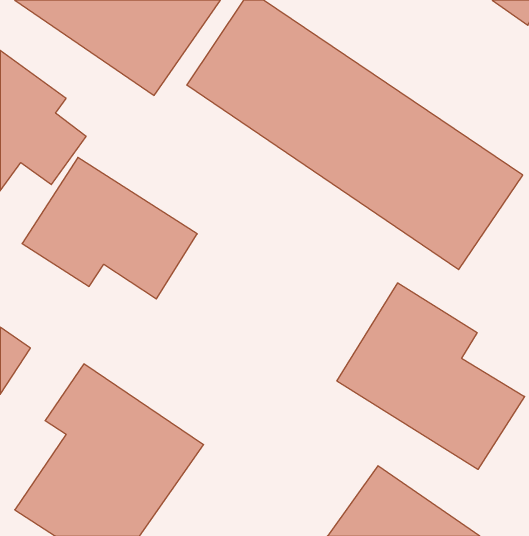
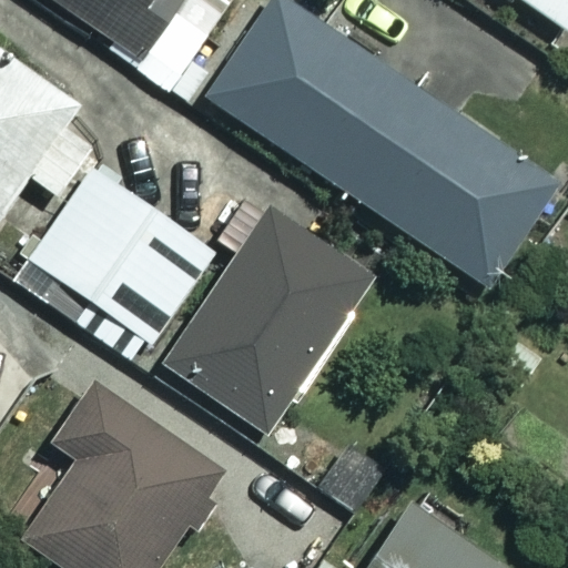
building: none -> [165,204,366,427]
building: [337,283,525,469] -> none

